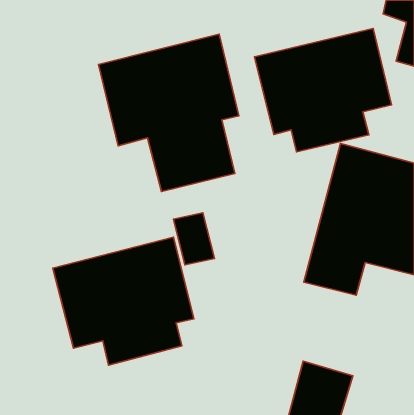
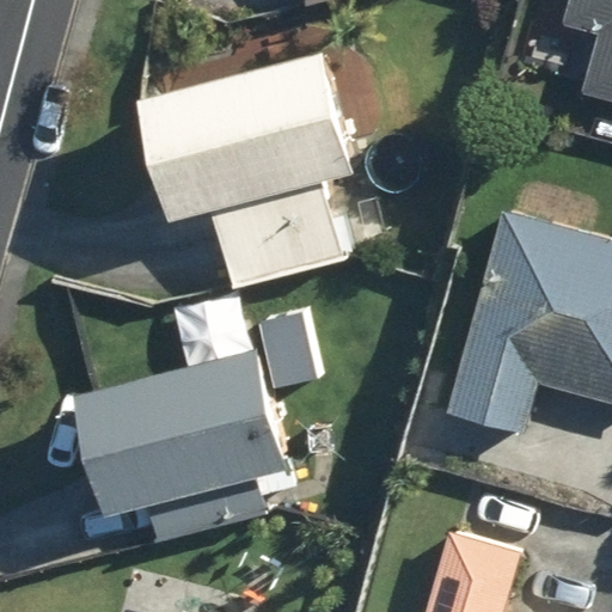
building: [255,28,392,152] -> none

